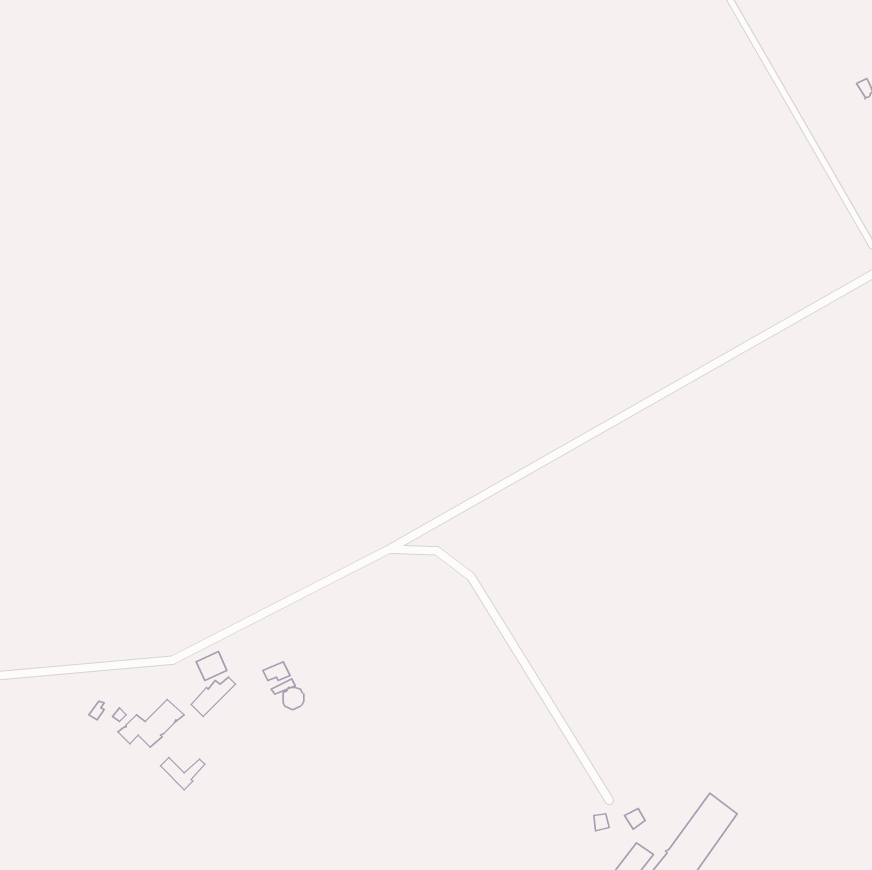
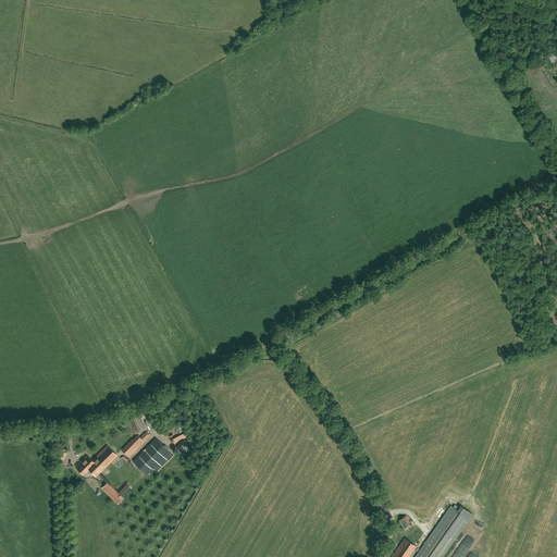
building: none -> [133,440,169,475]

